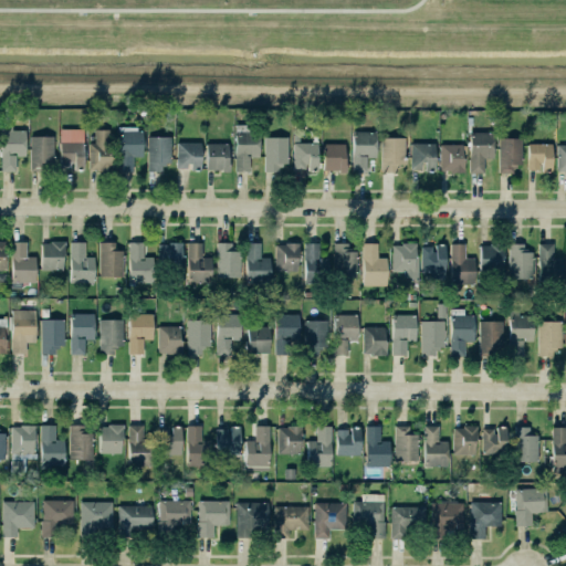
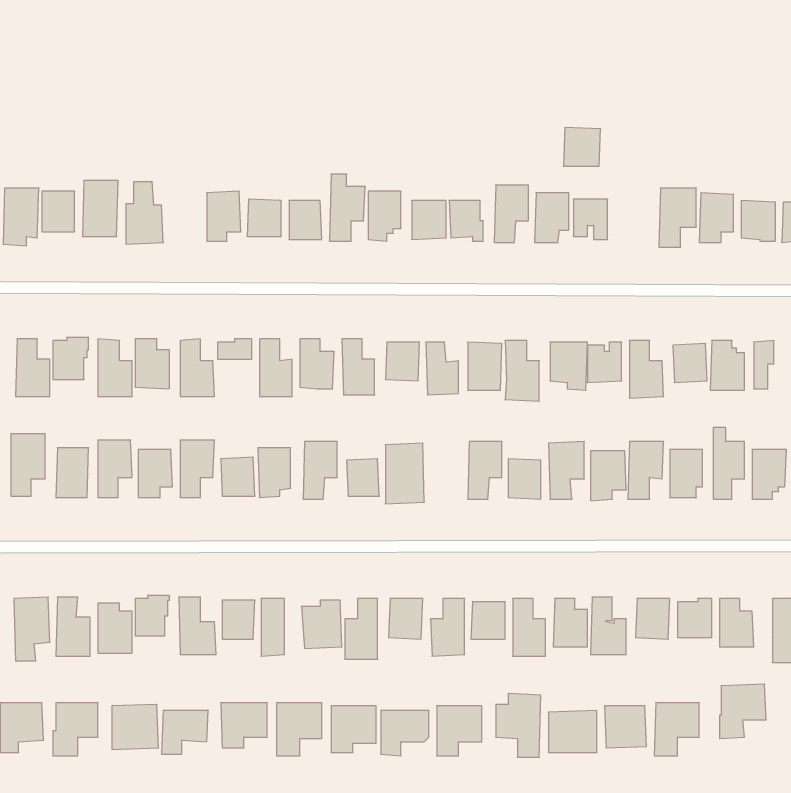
building: [119,128,145,172] -> none
building: [441,145,468,172] -> [563,127,601,166]
building: [305,321,332,360] -> none

